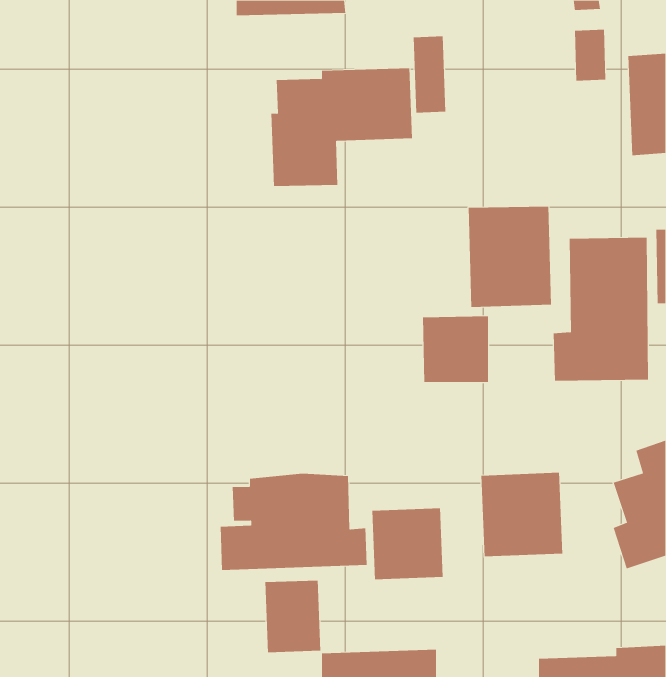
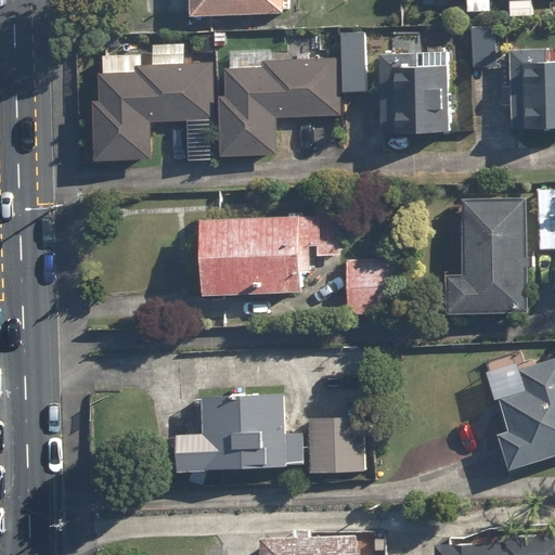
building: none -> [94,63,210,160]
building: [468,206,552,307] -> [380,52,449,134]
building: none -> [204,211,335,294]
building: [481,472,563,557] -> none
building: [265,580,321,653] -> none

